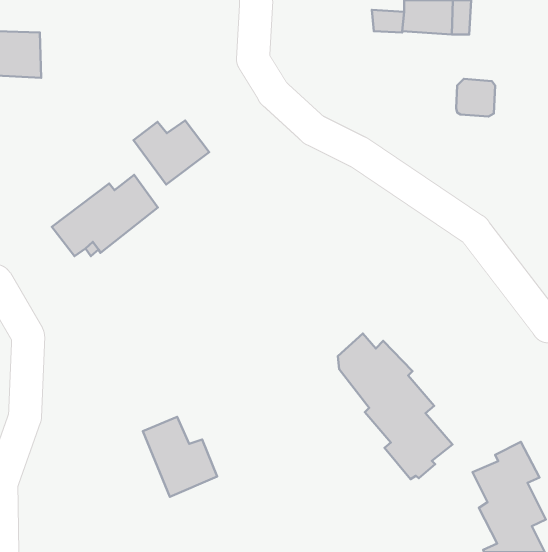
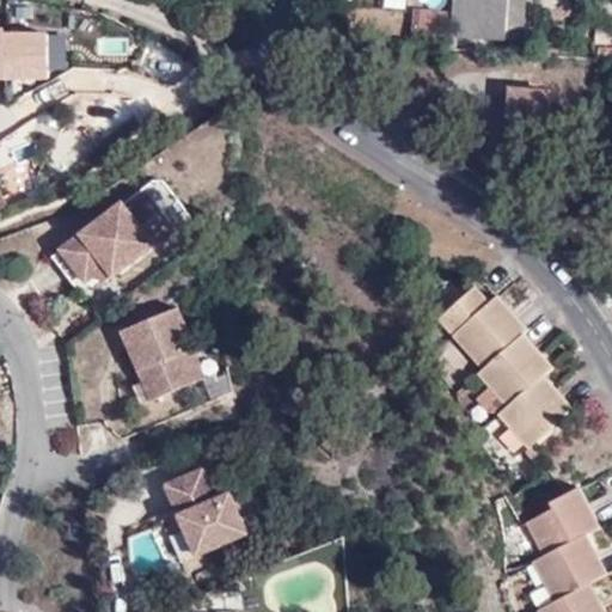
building: [133,120,209,185] -> none
building: none -> [117,301,201,396]
building: [338,333,452,479] -> [443,287,570,448]

